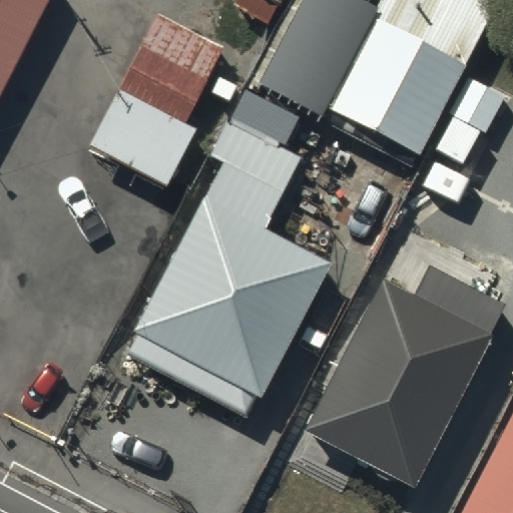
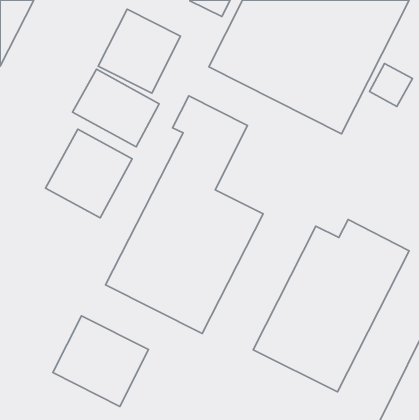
building: none -> [46,129,132,218]
building: none -> [53,316,148,406]

